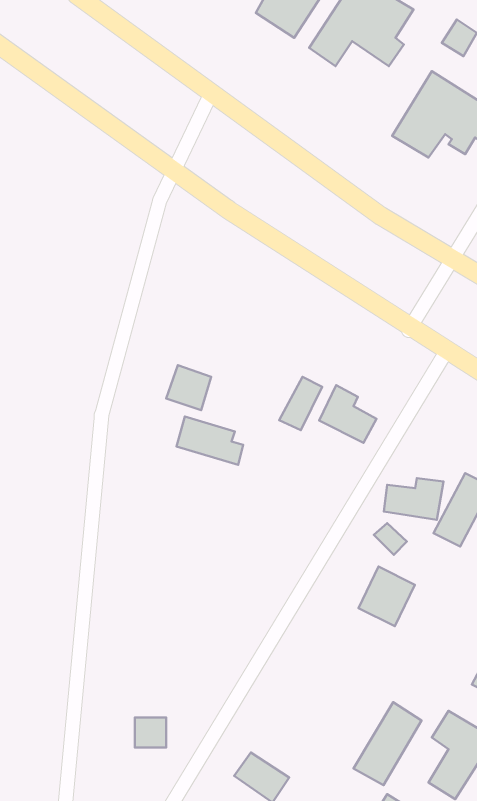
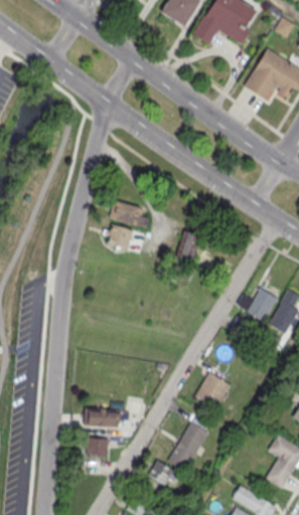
building: [319,385,376,443] -> none
building: [177,416,243,465] -> [110,201,150,230]
building: [358,566,415,626] -> [196,372,231,408]
building: none -> [85,408,118,426]
building: [353,702,422,785] -> [167,421,208,472]

